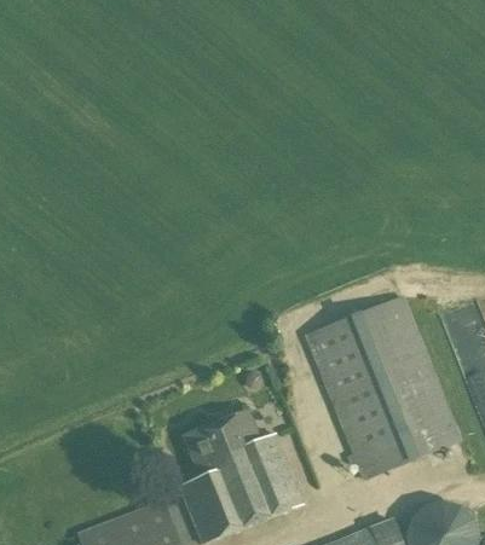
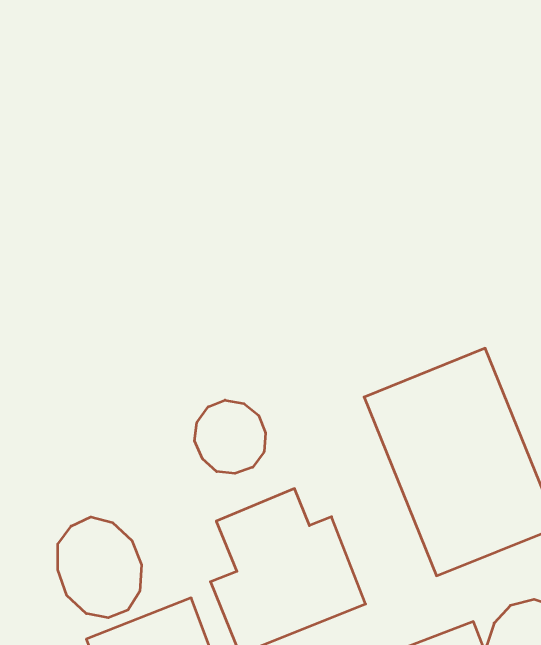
building: none -> [195,400,265,473]
building: none -> [58,517,142,618]

